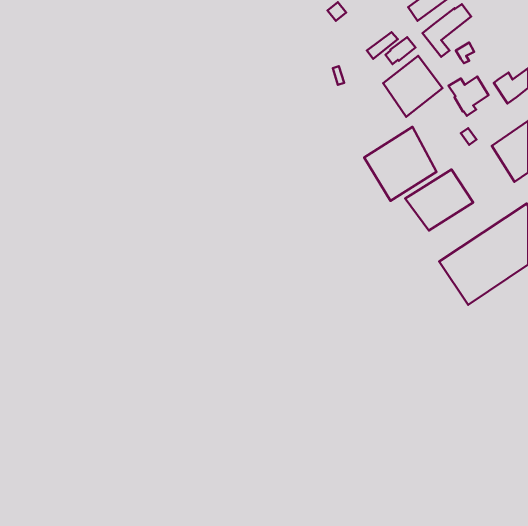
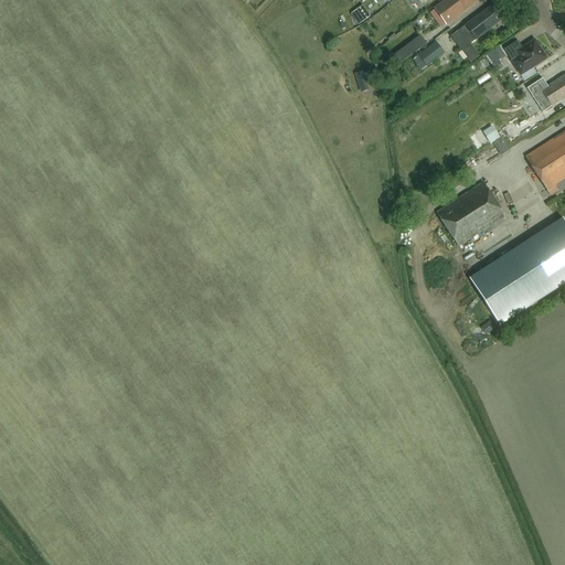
building: [383,56,443,117] -> none
building: [448,76,489,116] -> [504,38,547,79]
building: [364,127,437,201] -> none

